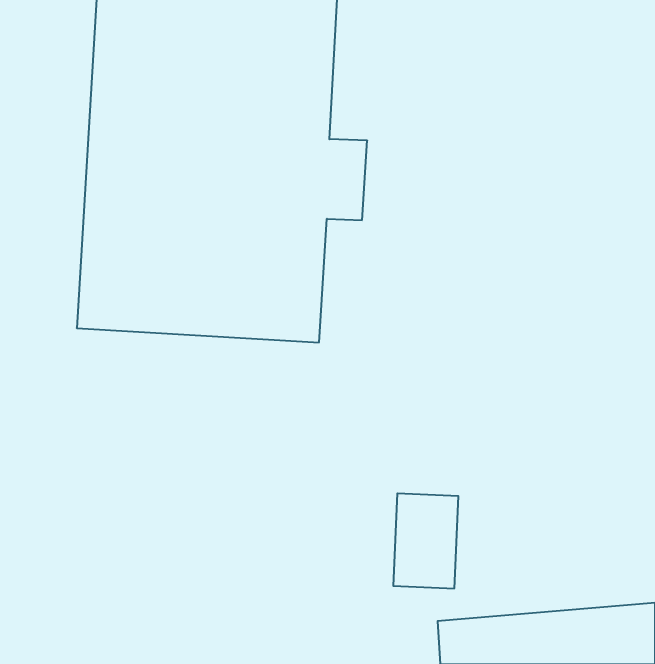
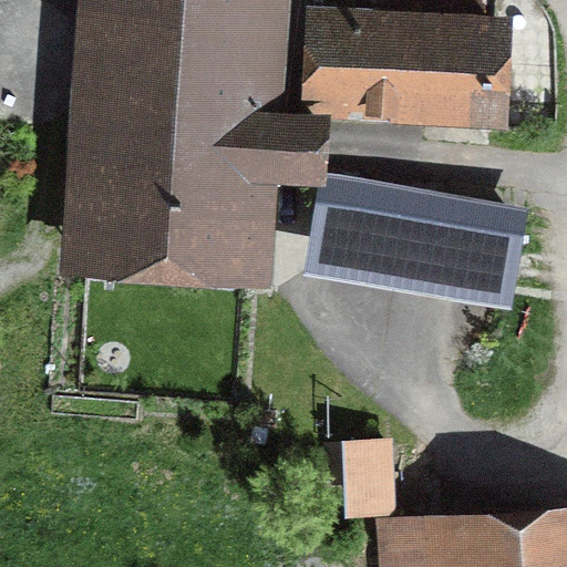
building: none -> [310,16,486,110]
building: none -> [312,176,498,278]

